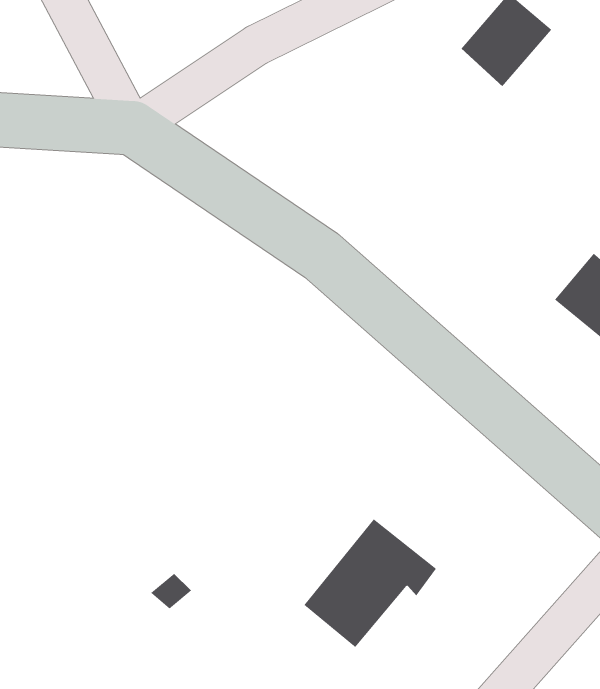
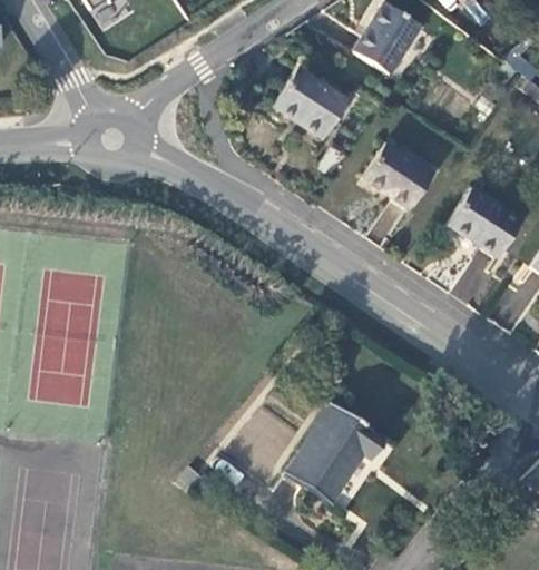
building: none -> [274,68,347,138]
building: none -> [363,144,433,208]

